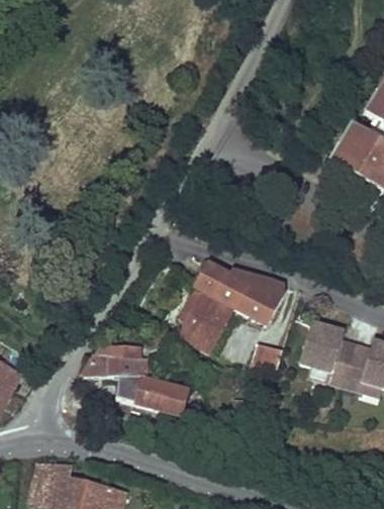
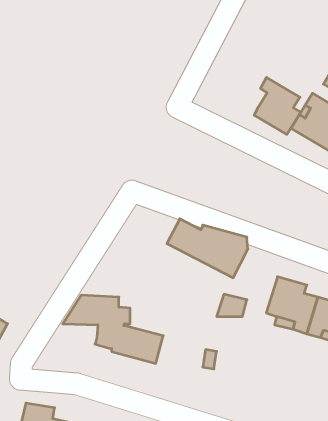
building: none -> [254,77,301,134]
building: [175,293,231,354] -> none

